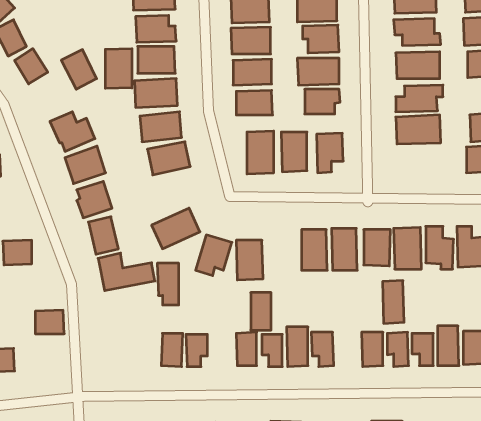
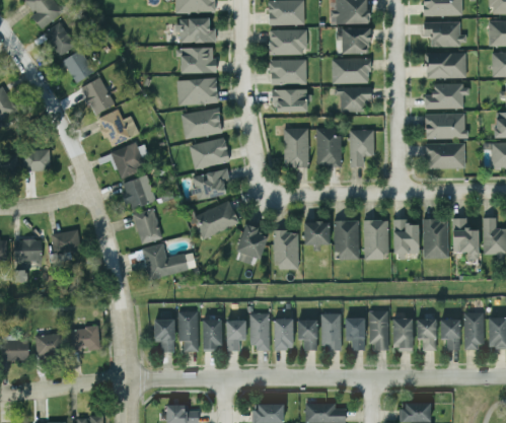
building: [105,49,132,88] -> none
building: [61,50,97,89] -> [80,77,114,115]
building: none -> [426,143,464,169]
building: none -> [192,169,229,201]
building: none -> [303,221,330,248]
building: [157,263,179,305] -> [177,311,198,351]
building: [383,281,404,323] -> [368,310,388,351]
building: [251,293,271,330] -> [249,313,269,349]
building: [35,310,64,334] -> [72,328,99,350]
building: none -> [153,320,174,352]

